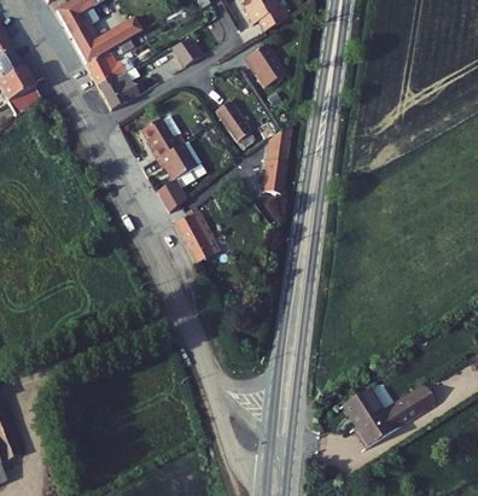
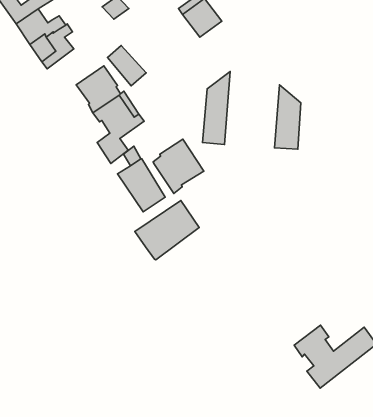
building: [215,100,252,141] -> [107,45,146,86]
building: none -> [274,85,301,149]
building: none -> [153,139,204,194]
building: none -> [135,200,199,260]

